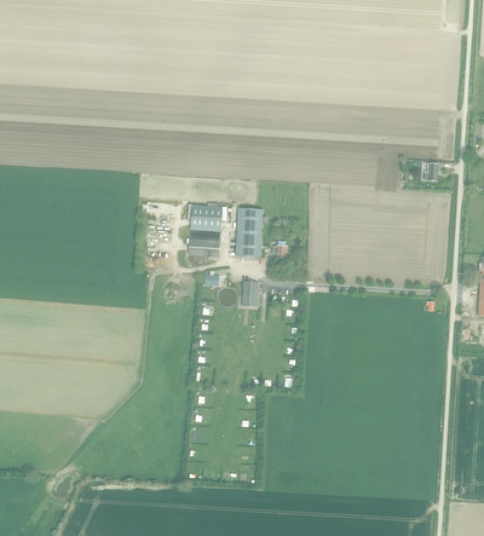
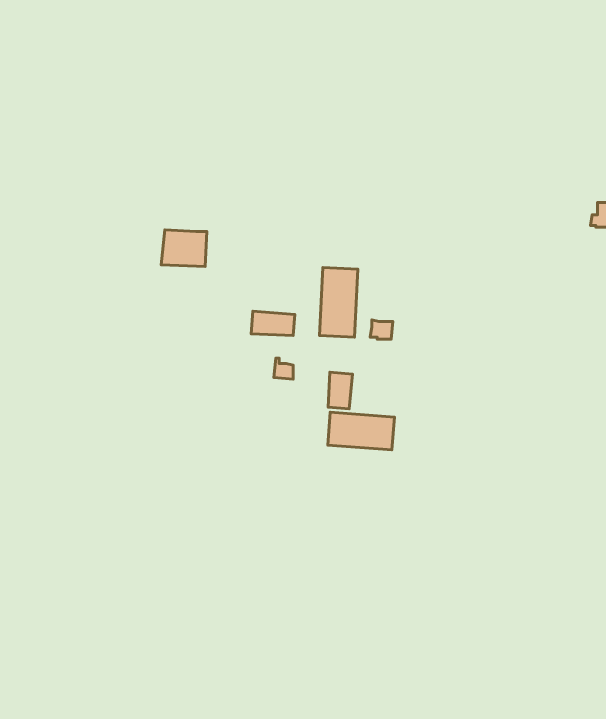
building: [189,203,220,229] -> [161,230,207,266]
building: none -> [328,412,394,450]

